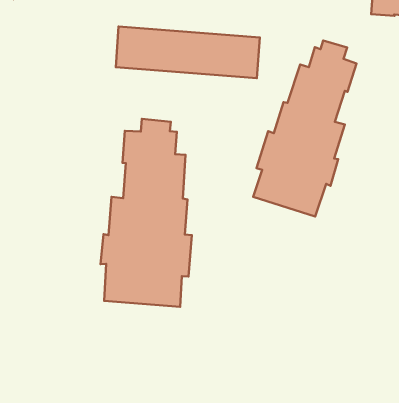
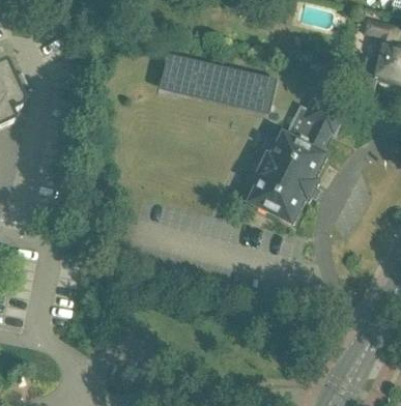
building: [101,119,192,307] -> none

